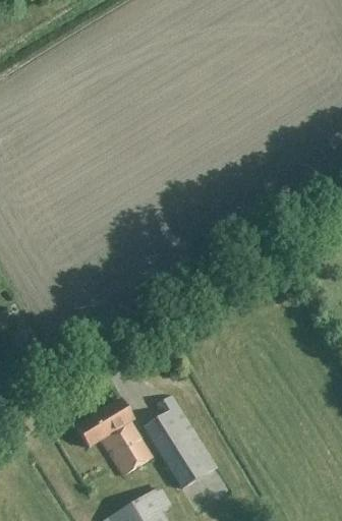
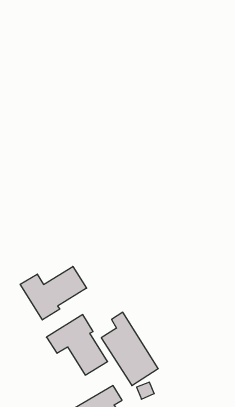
building: none -> [20,266,87,320]

